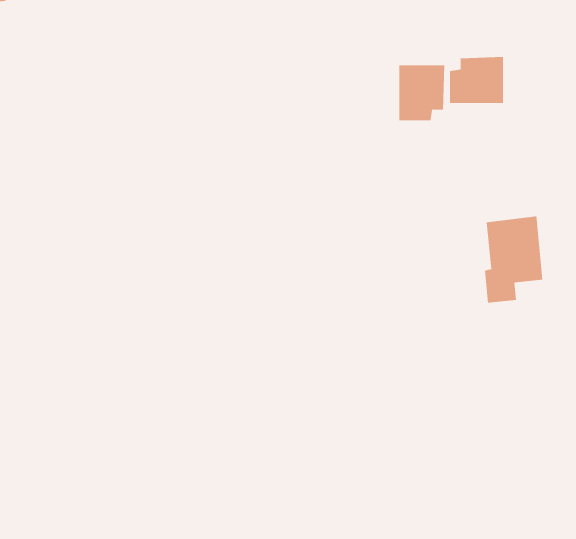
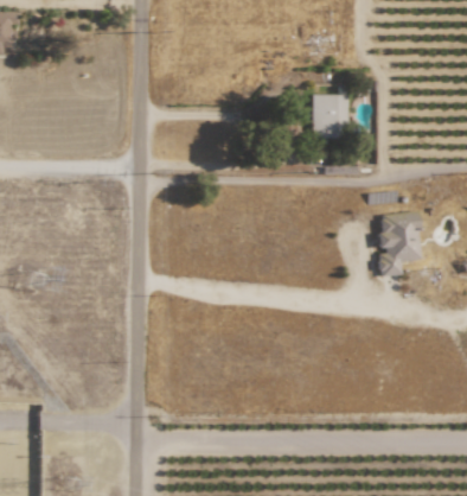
building: [450,56,503,104] -> none

